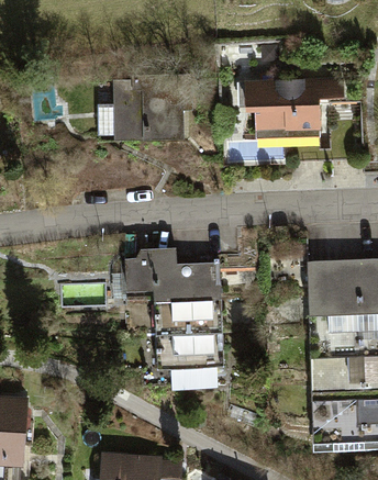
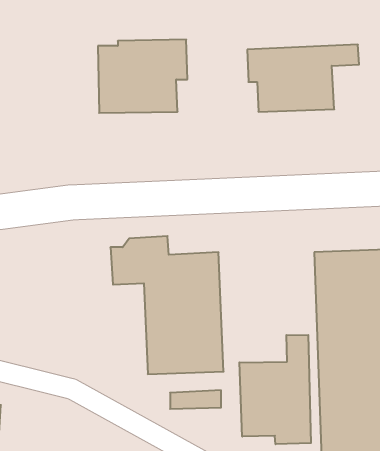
building: none -> [239,335,311,444]

